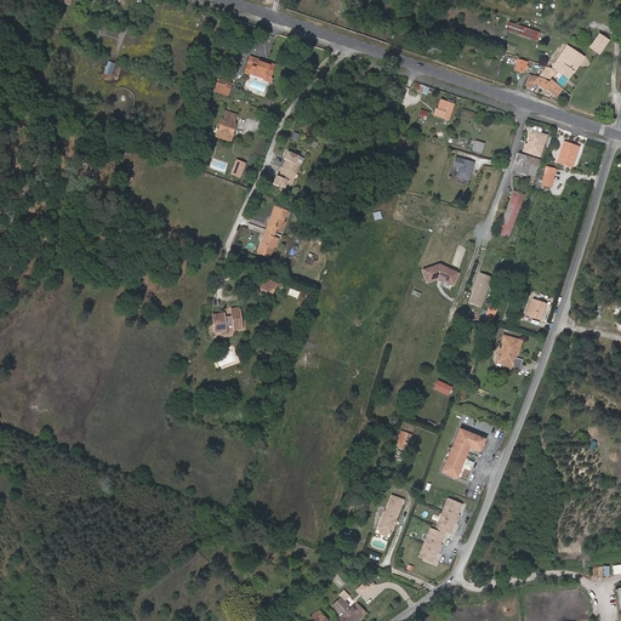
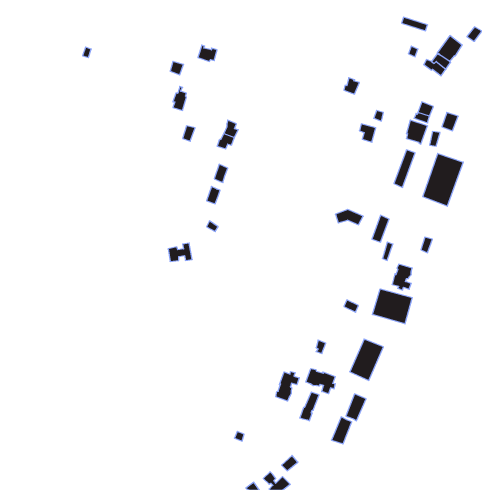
building: none -> [423,153,463,206]
building: none -> [372,289,412,324]
building: none -> [306,369,335,394]
building: none -> [276,372,299,401]

